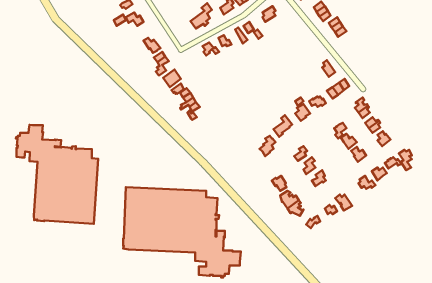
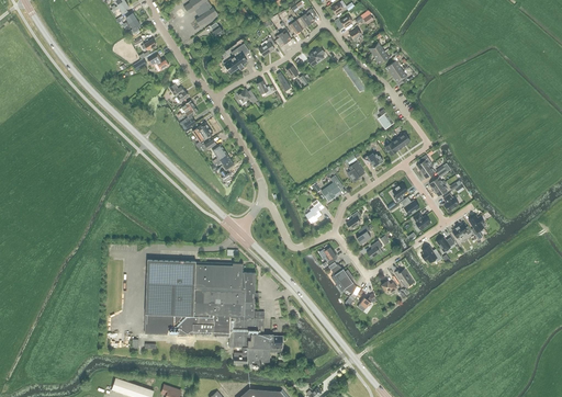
building: [16,125,98,224] -> none

